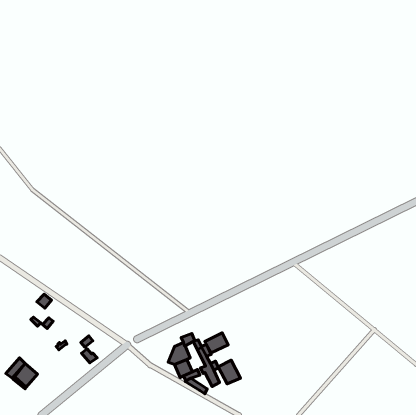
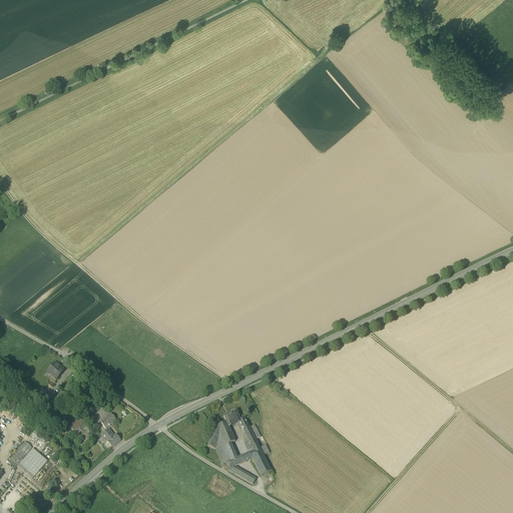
building: [205,333,228,353] -> none
building: [218,360,240,384] -> none

